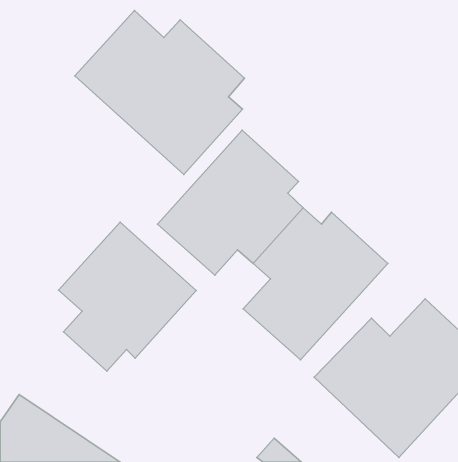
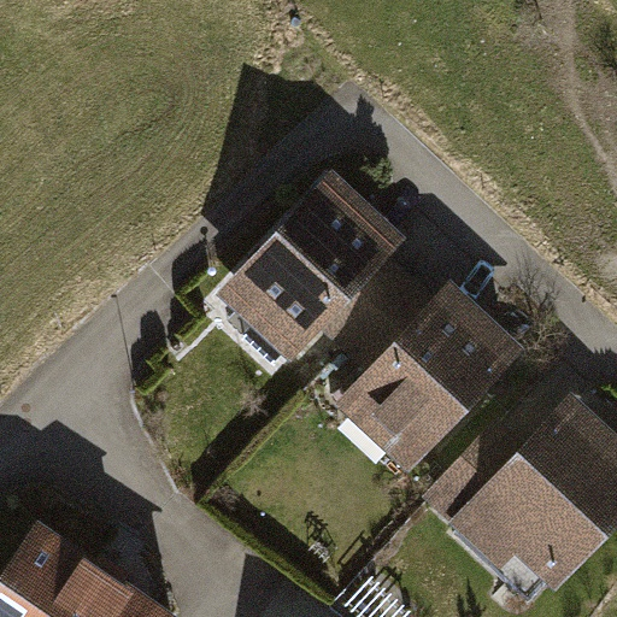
building: [75,11,245,174] -> none
building: [58,222,196,371] -> none

